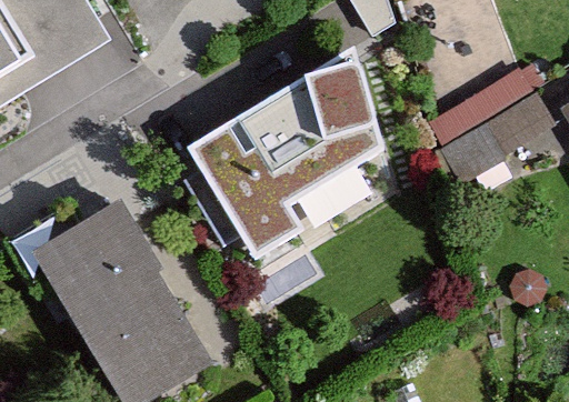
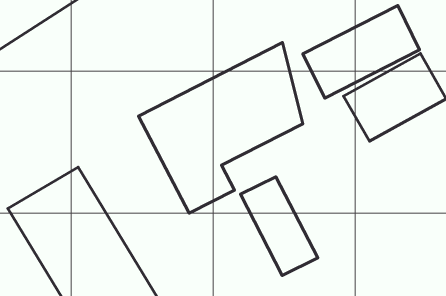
building: none -> [303,5,420,98]
building: none -> [241,177,318,275]

